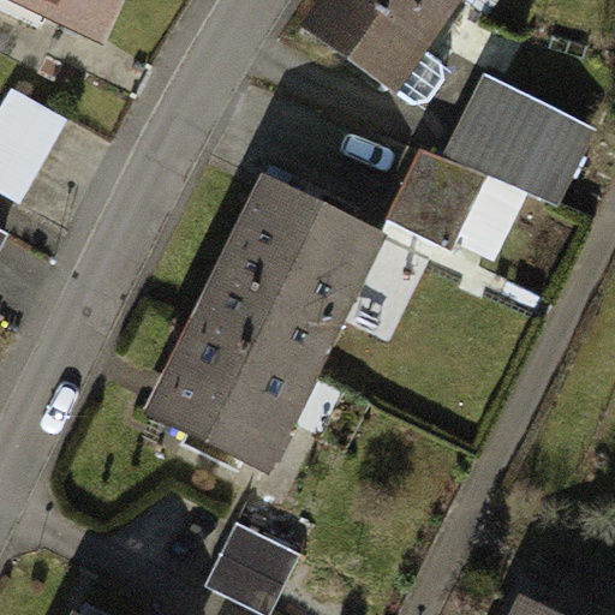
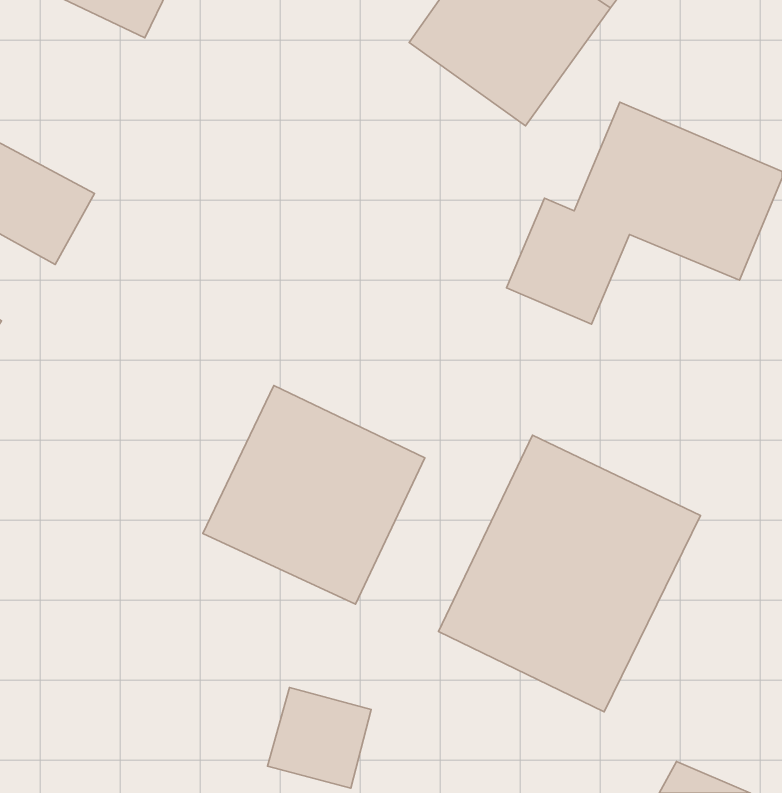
building: [209,183,377,350] -> none
building: none -> [439,435,701,712]

